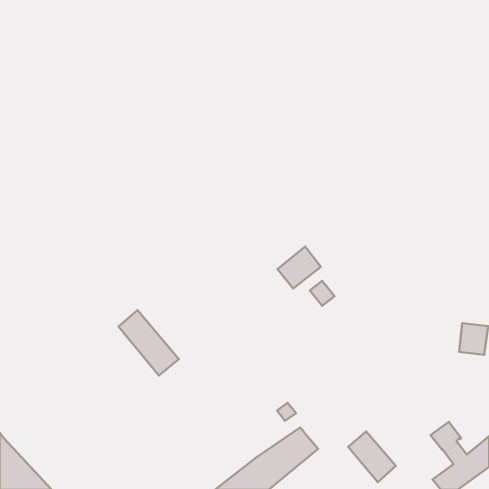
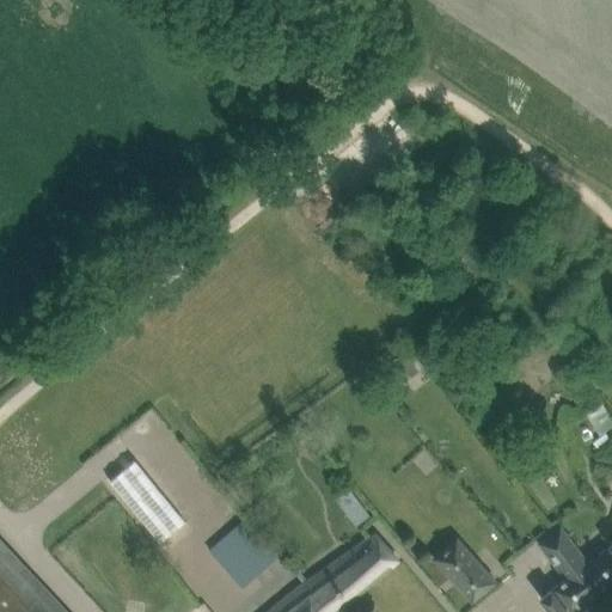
building: [277,247,321,289] -> none
building: [118,310,179,376] -> [109,461,184,543]
building: none -> [209,519,277,587]

